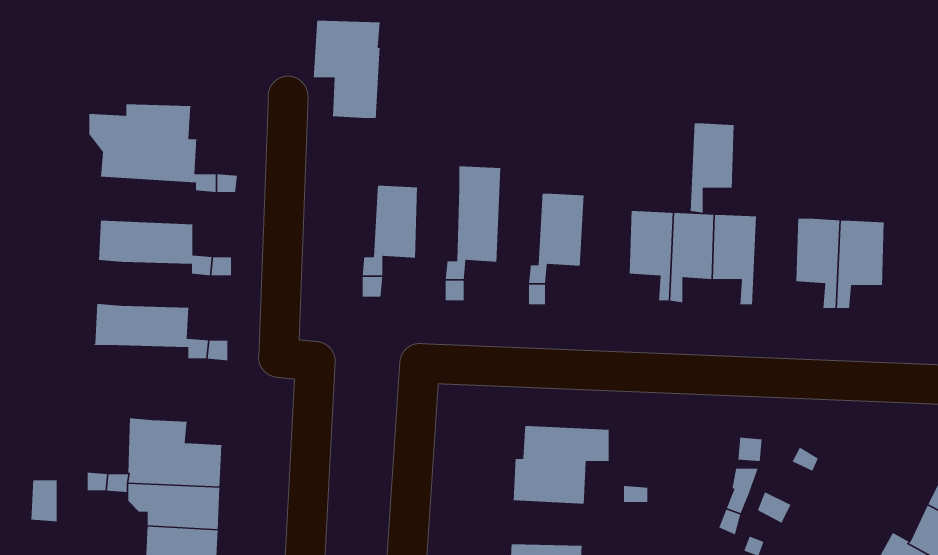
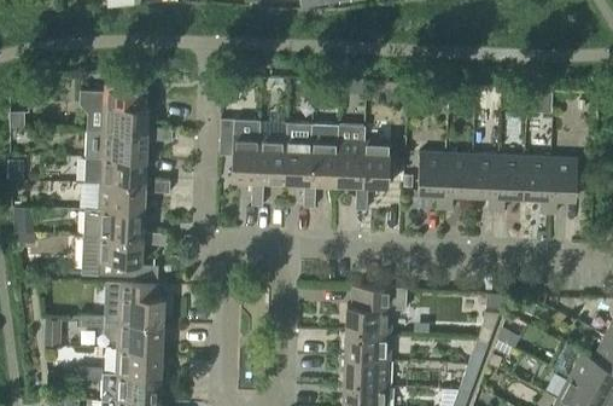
building: [313,20,380,119] -> [218,118,261,180]
building: [690,122,734,214] -> [495,155,522,211]
building: none -> [335,124,366,185]
building: none -> [88,130,147,160]
building: none -> [285,137,311,182]
building: none -> [101,184,145,211]
building: none -> [82,236,142,276]
building: none -> [344,332,390,360]

